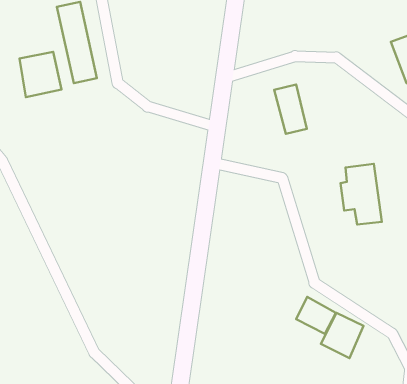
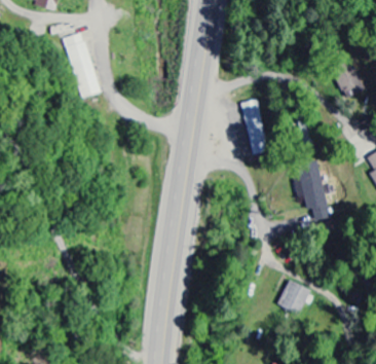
building: [20,52,61,97] -> none
building: [296,297,336,334] -> none

